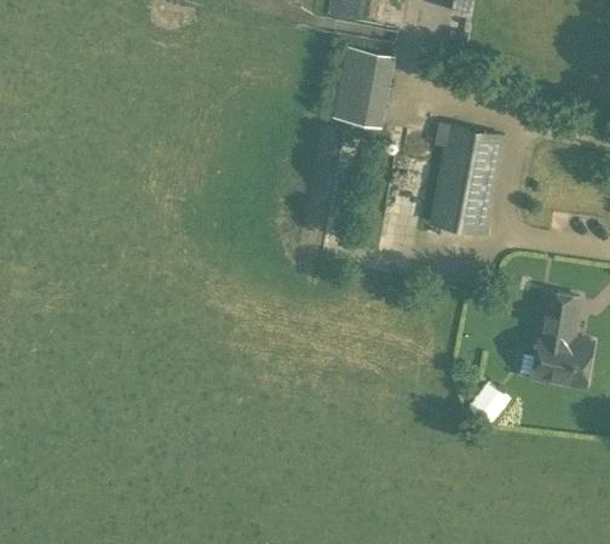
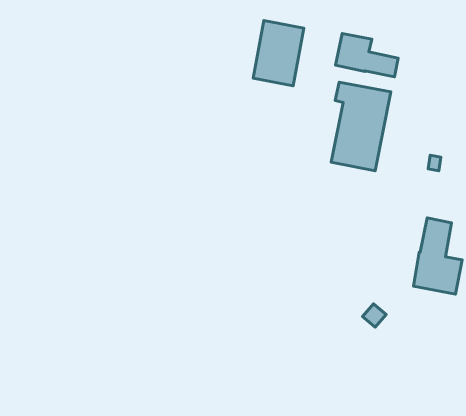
building: none -> [335,33,398,77]

